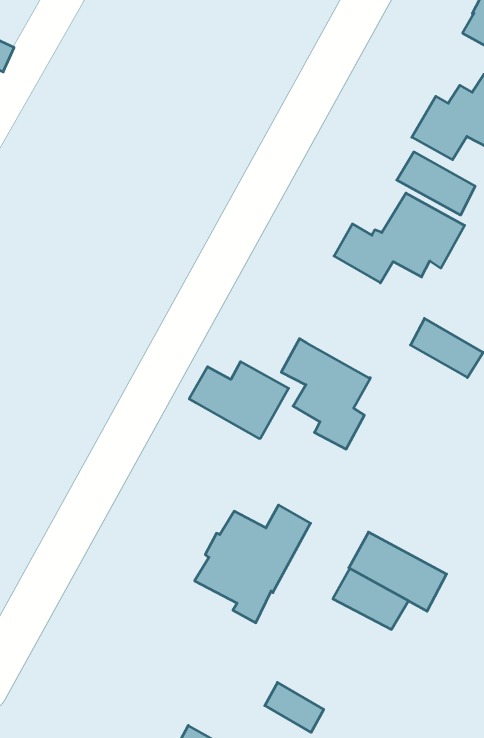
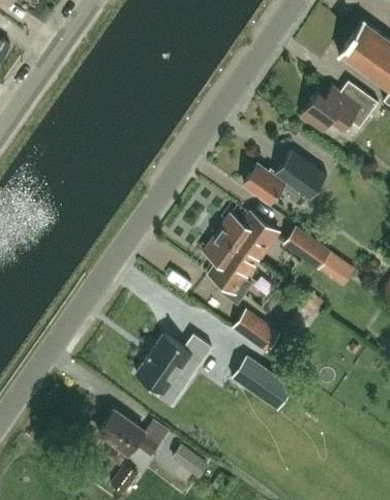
building: [397,152,475,215] -> none
building: [189,362,289,438] -> [216,213,278,261]
building: [333,569,408,629] -> [234,310,280,350]
building: none -> [98,410,159,464]

